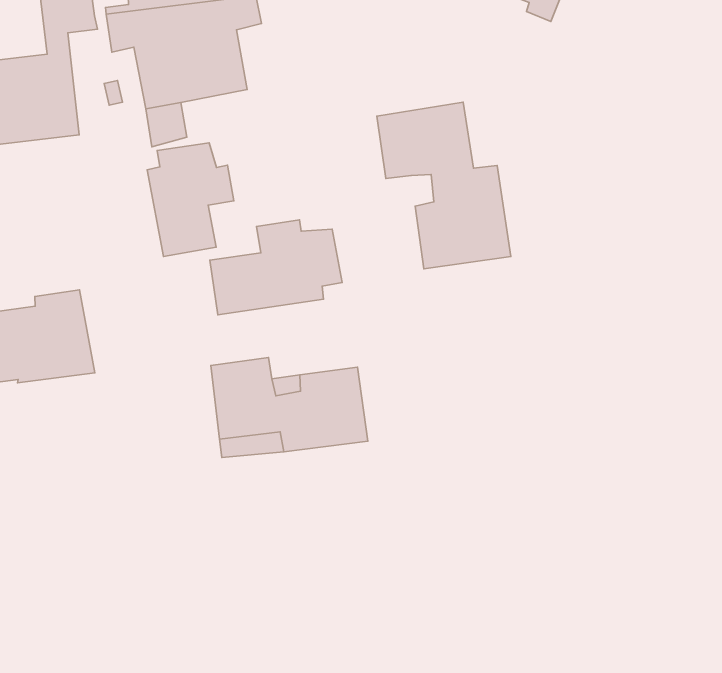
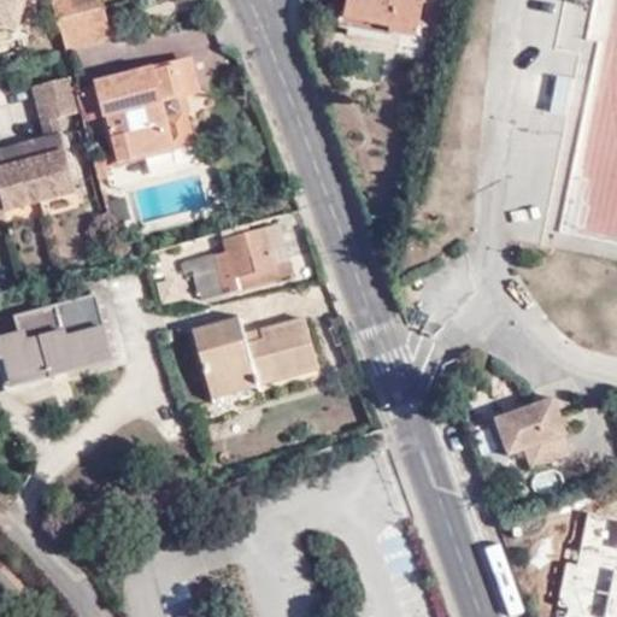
building: [377,102,511,269] -> none
building: [147,143,234,257] -> none
building: none -> [487,410,560,475]

